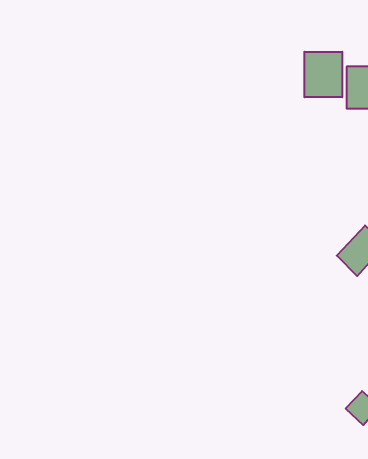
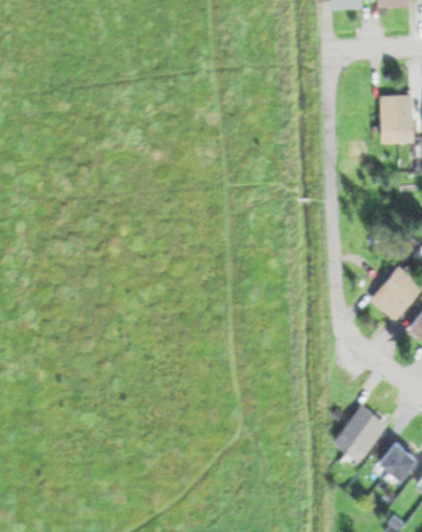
building: [304,52,342,97] -> none
building: none -> [335,408,386,460]

